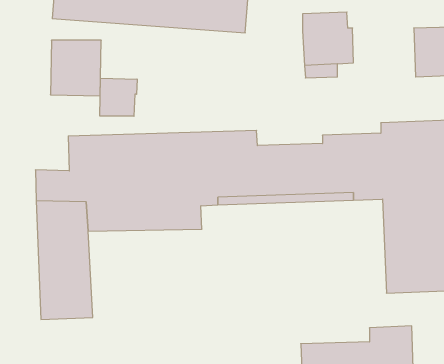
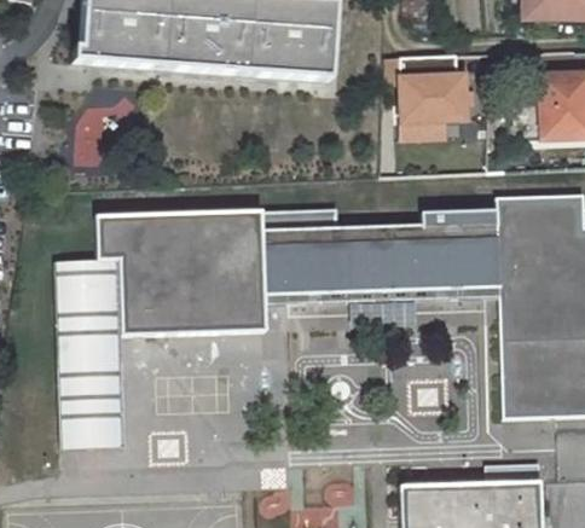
building: [100,78,137,116] -> none

